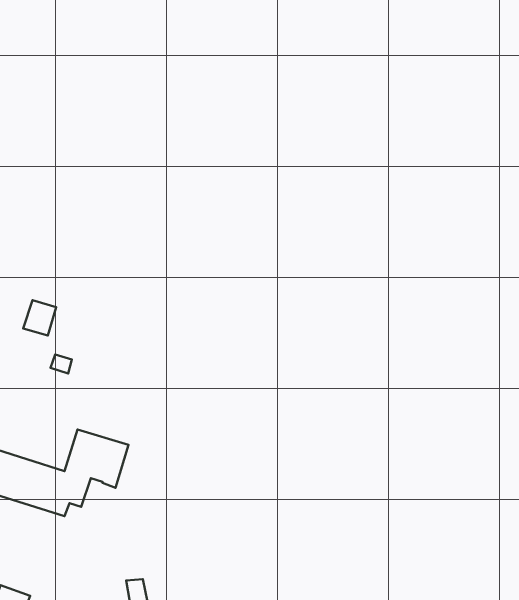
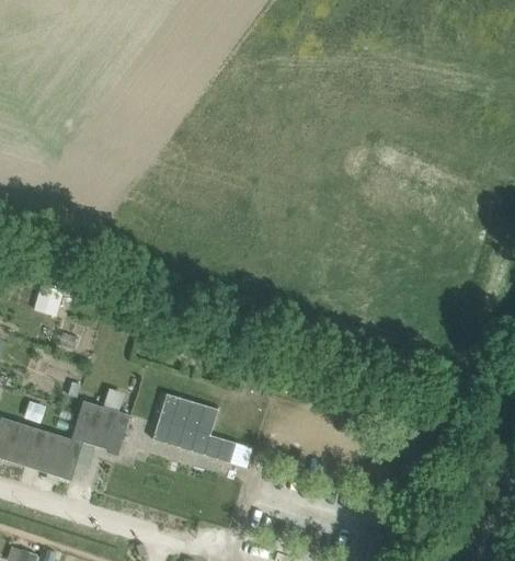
building: none -> [152,392,236,462]

